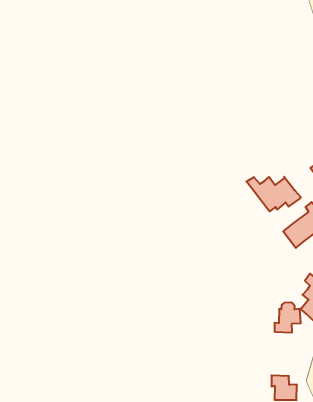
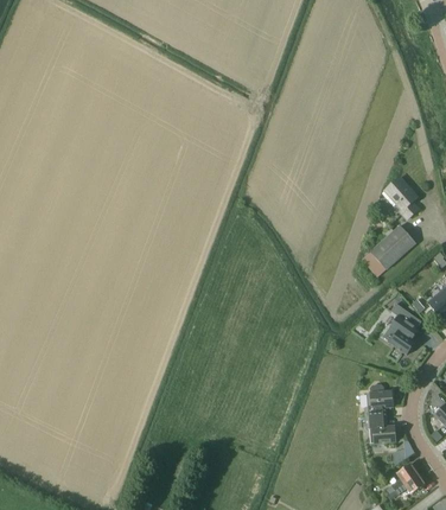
building: [246,177,301,211] -> none
building: [274,303,301,332] -> [363,383,391,416]

